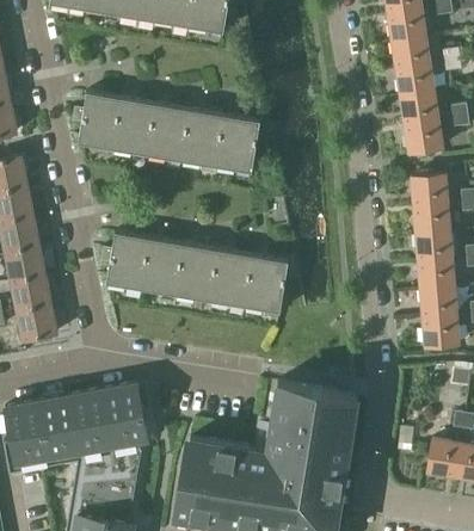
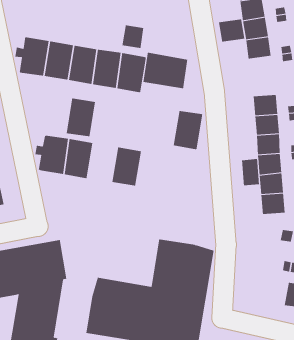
building: none -> [122,24,144,49]
building: none -> [143,52,188,89]
building: [405,121,443,154] -> [218,19,245,42]
building: [176,245,218,301] -> [66,98,96,137]
building: [245,257,288,313] -> [173,111,203,150]
building: none -> [241,158,260,186]
building: [427,439,461,477] -> none

